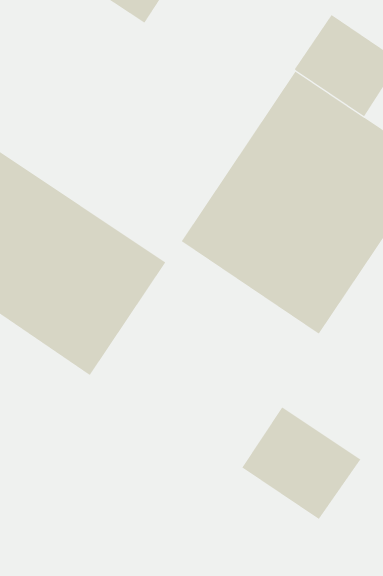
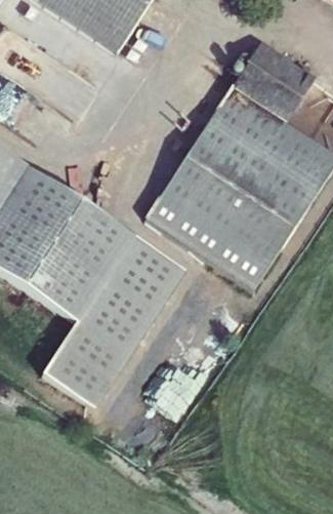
building: none -> [42,233,185,404]
building: [242,407,361,520] -> none

